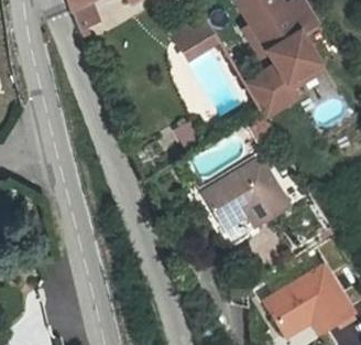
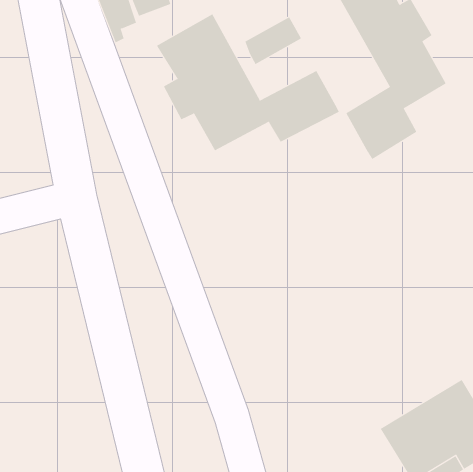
building: none -> [156,14,339,151]
building: [200,158,286,239] -> none

